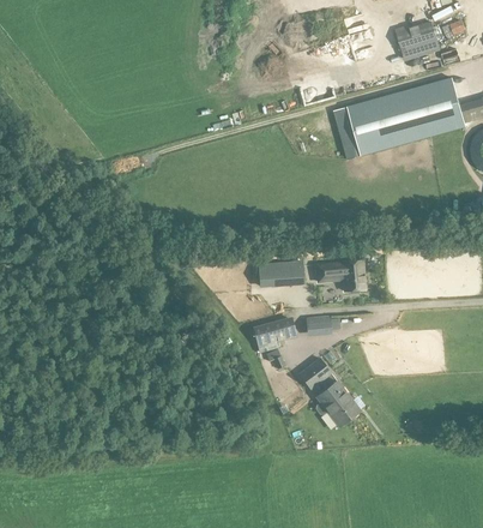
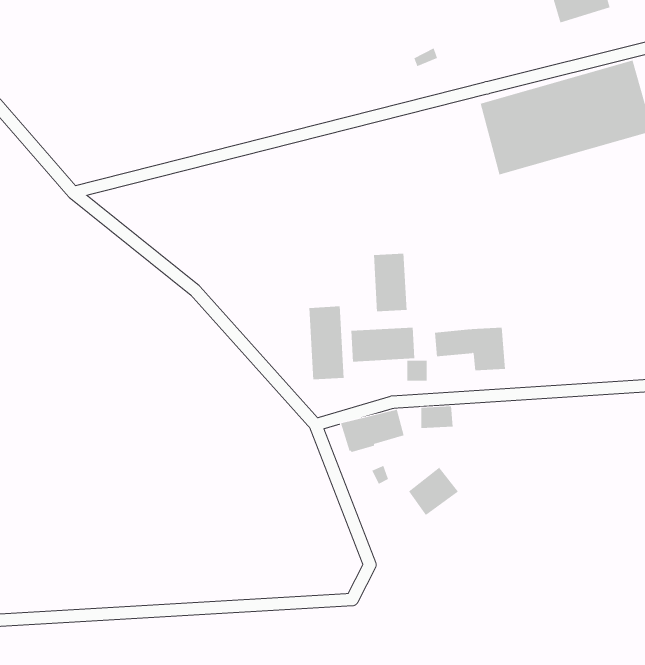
building: none -> [373,253,407,312]
building: none -> [309,306,344,380]
building: [313,380,357,426] -> none

